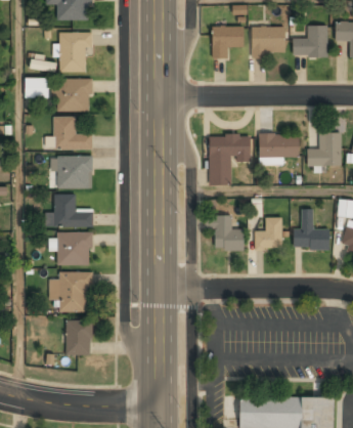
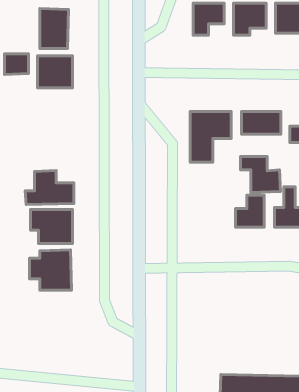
building: [45,118,92,149] -> none
building: [55,157,92,188] -> none
building: [205,216,245,252] -> [240,156,281,193]
building: [67,322,92,356] -> none

